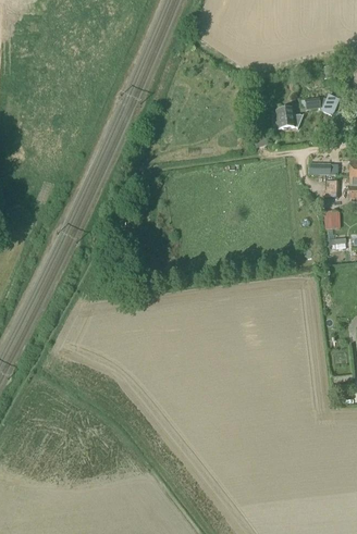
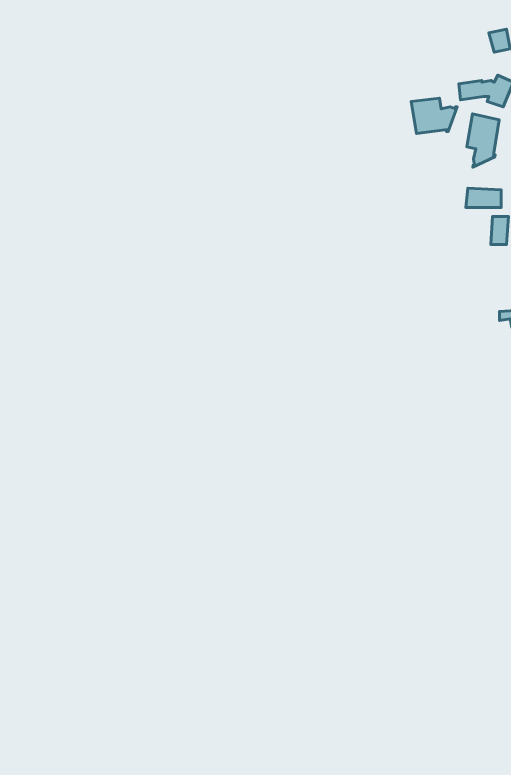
building: none -> [467,114,499,167]

